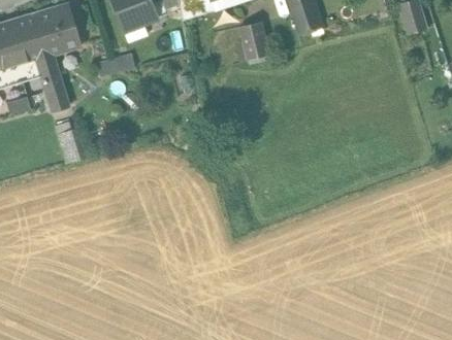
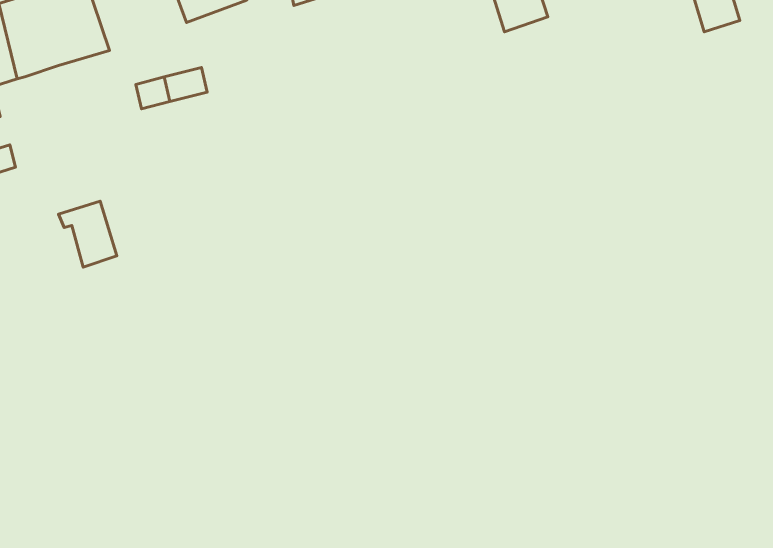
building: [239,22,267,59] -> none
building: [34,53,68,110] -> none

